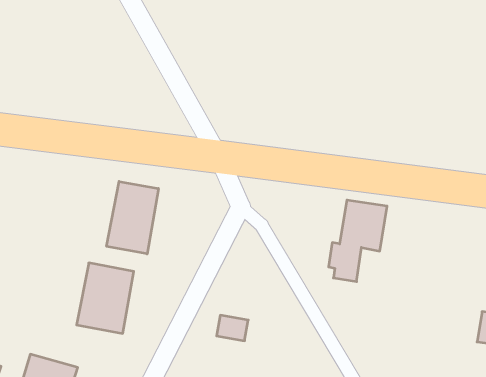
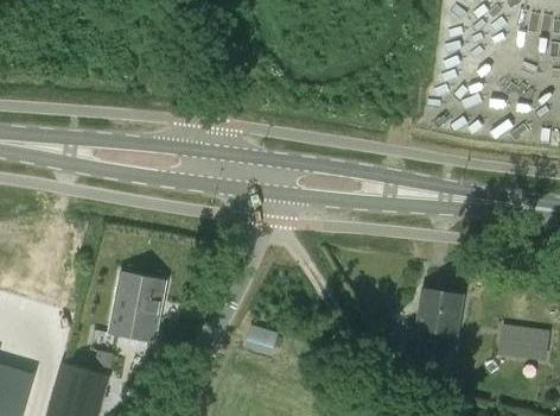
building: [107,181,158,254] -> none
building: [329,200,387,282] -> [407,288,464,367]

